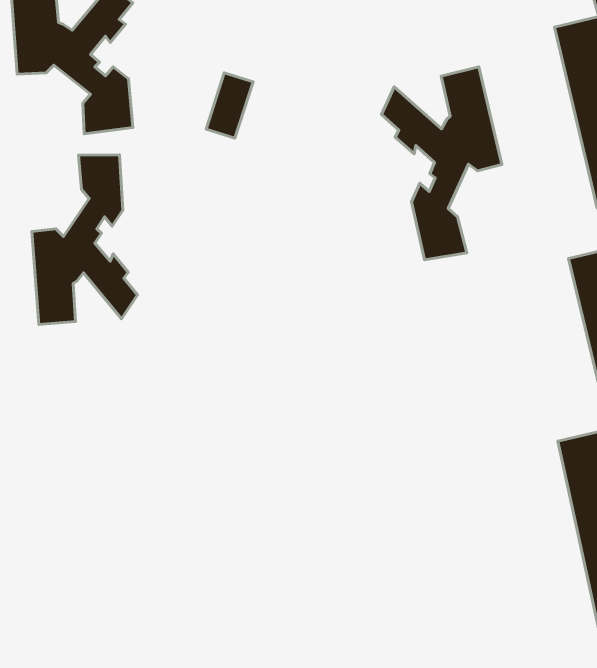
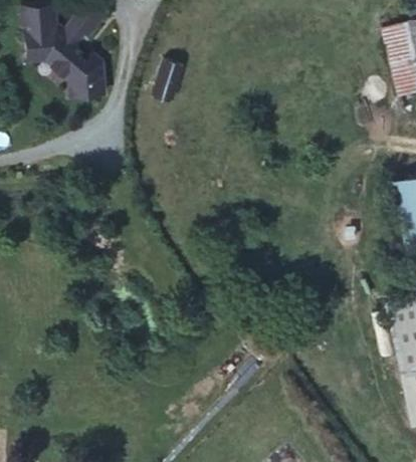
building: [382,67,502,260] -> none
building: [32,155,138,325] -> none

